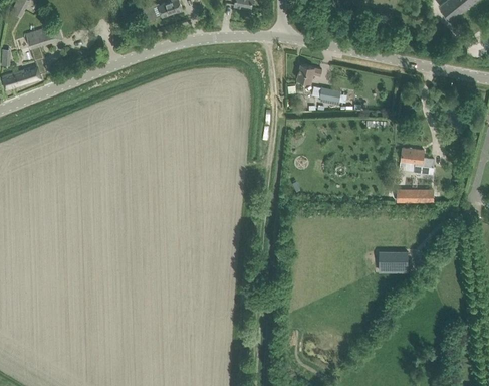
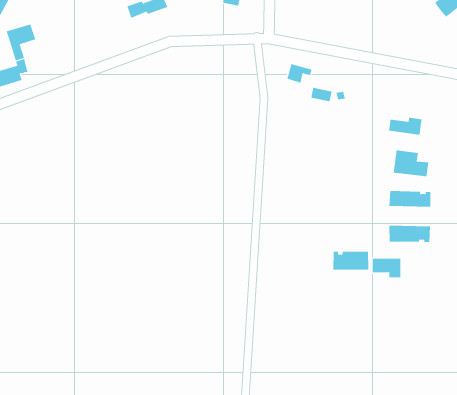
building: none -> [389,117,422,135]
building: none -> [389,225,431,243]
building: none -> [333,251,369,271]

